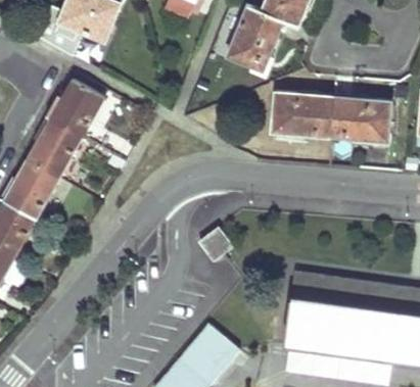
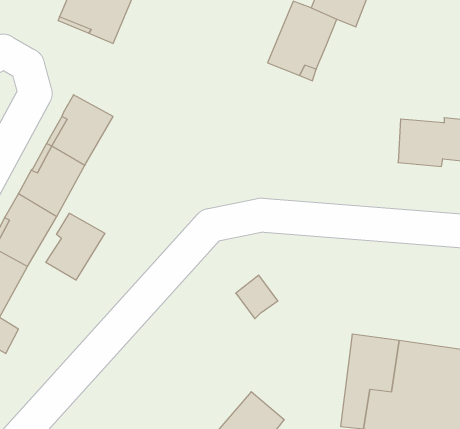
building: [270,94,332,137] -> none
building: none -> [46,213,105,280]

